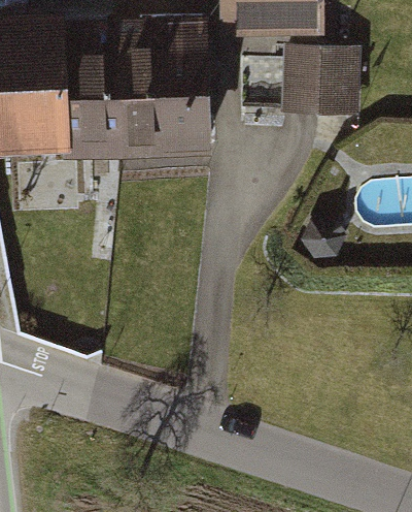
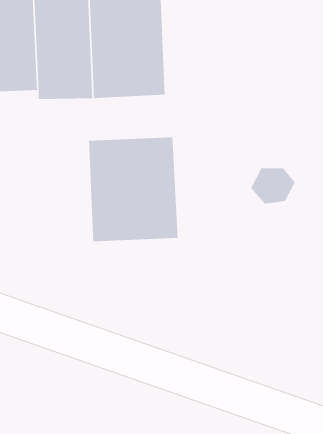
building: [283,47,356,116] -> none
building: none -> [88,137,179,242]

